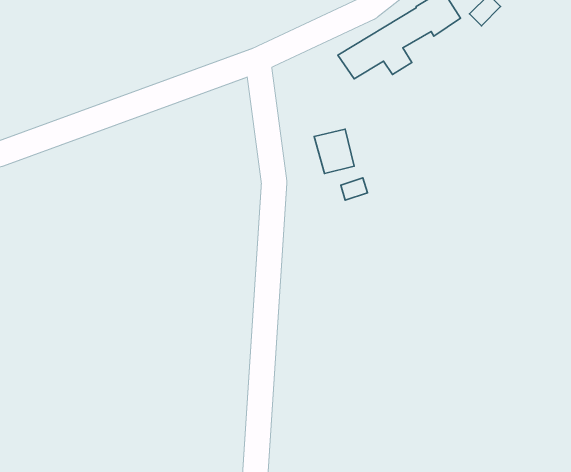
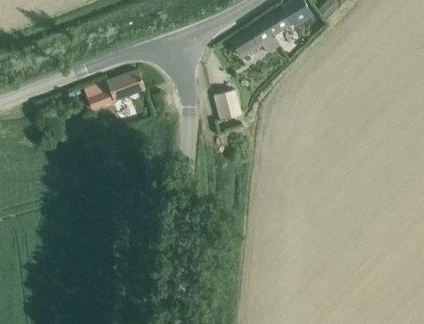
building: none -> [83,70,145,109]

